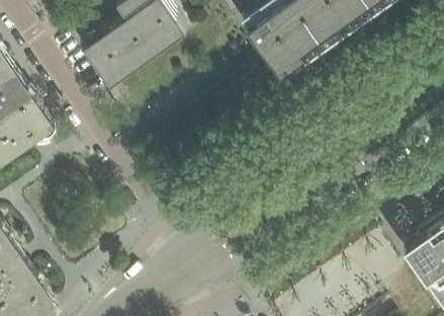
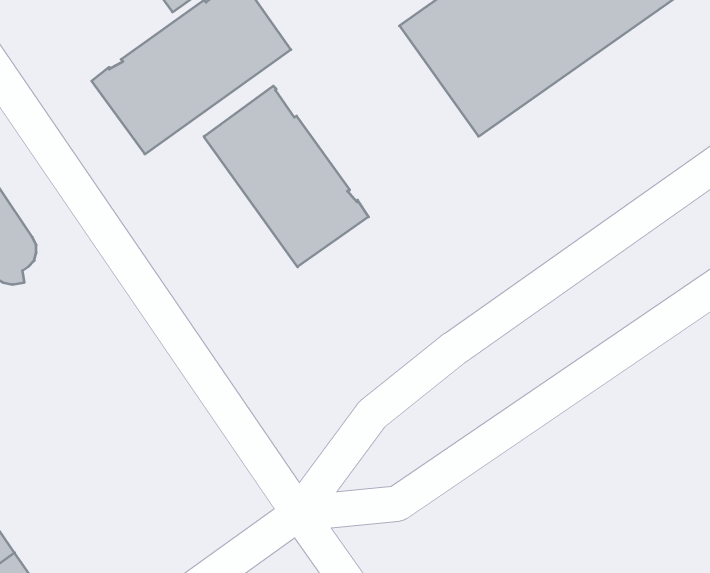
building: none -> [204,86,369,267]

